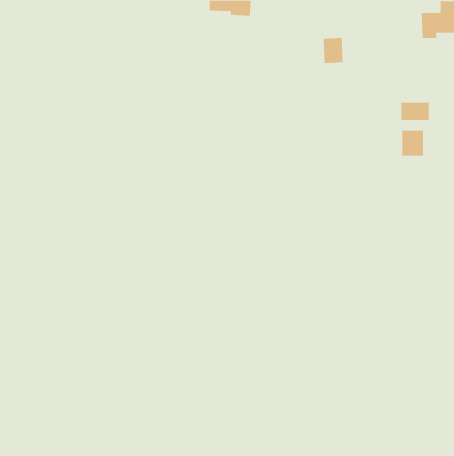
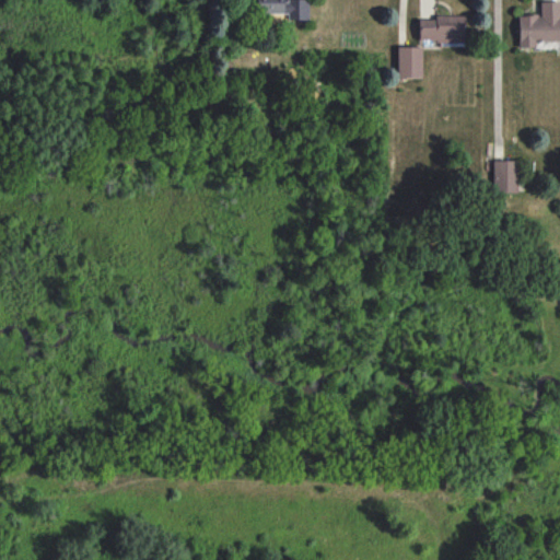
building: none -> [420,15,466,42]
building: [401,102,429,121] -> none

